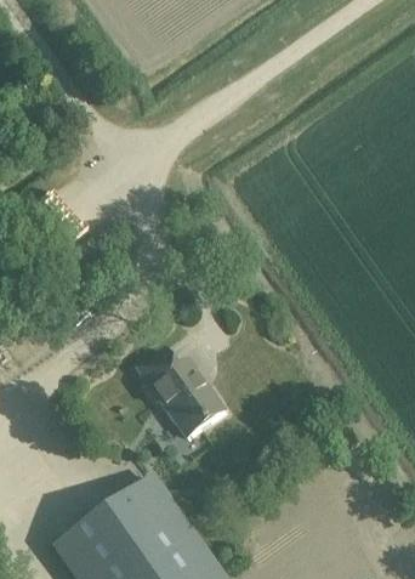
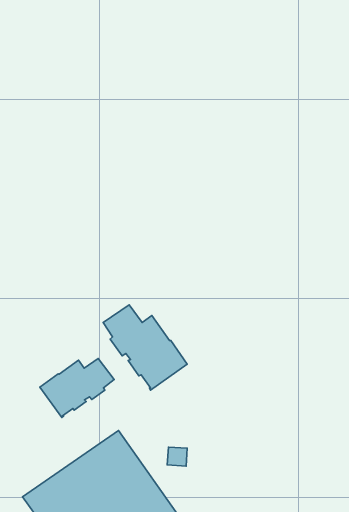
building: none -> [40,358,114,418]

